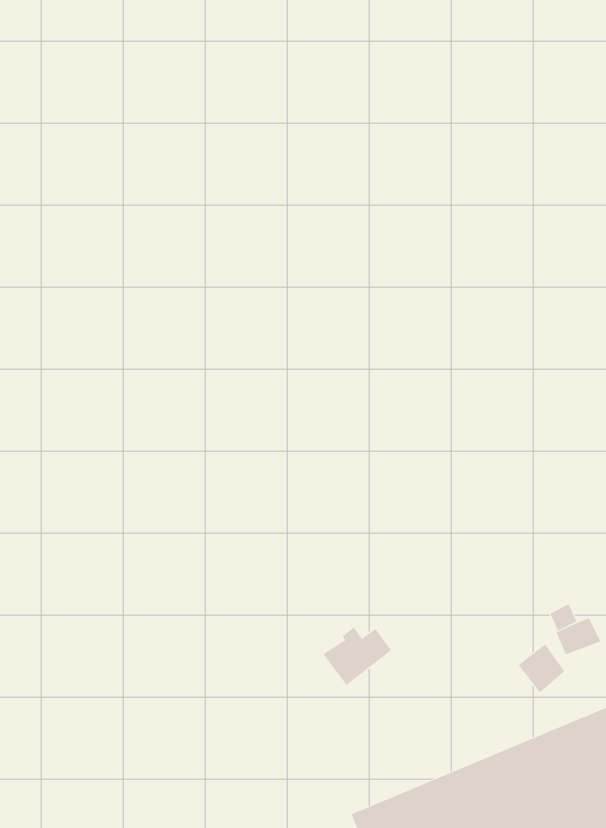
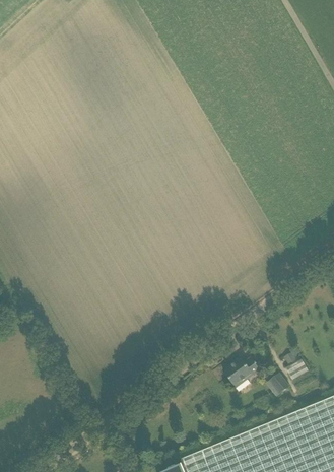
building: [322,626,392,686] -> [223,358,259,389]

